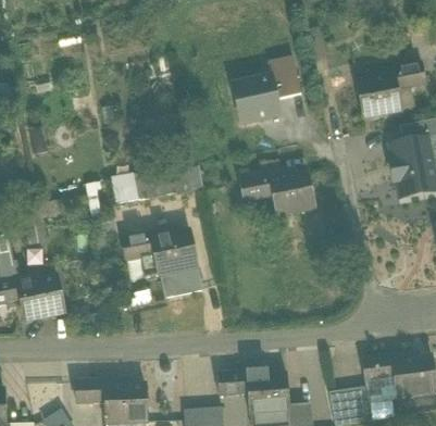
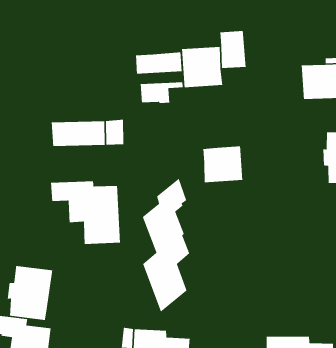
building: none -> [135,51,183,74]
building: [239,173,284,201] -> [140,81,183,104]
building: none -> [142,178,194,313]
building: none -> [7,265,53,321]

